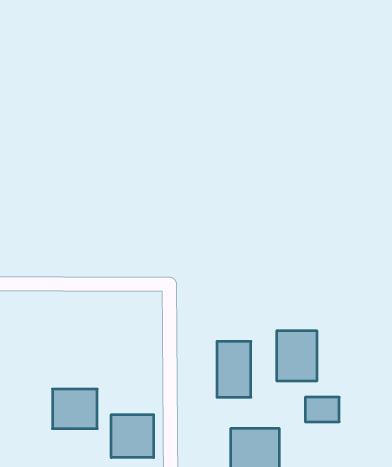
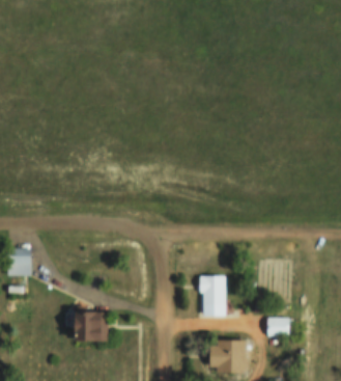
building: [277,331,317,381] -> none
building: [111,415,154,458] -> none

